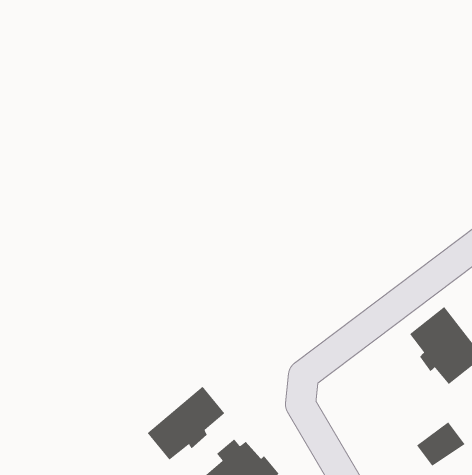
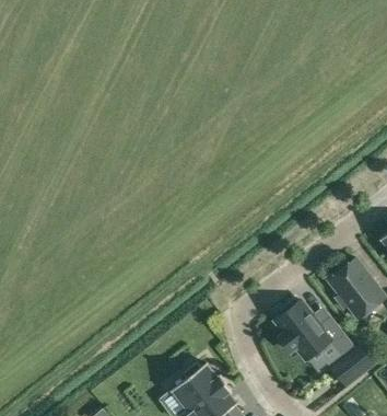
building: none -> [275,302,345,363]
building: [147,386,225,461] -> none

